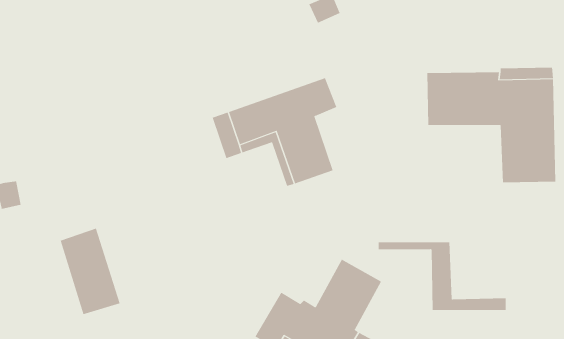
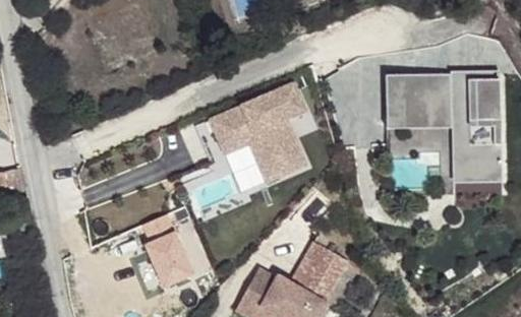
building: [60,228,121,315] -> [142,214,196,292]
building: [378,242,506,311] -> [389,121,503,182]

